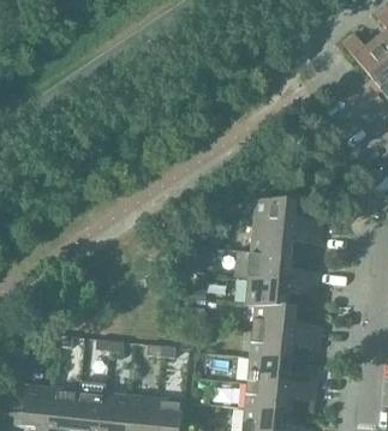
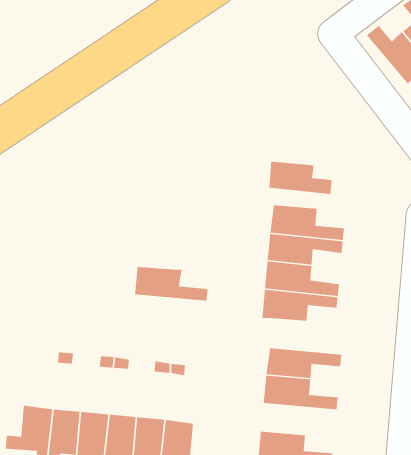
building: none -> [269,161,333,195]
building: [252,305,321,337] -> [134,266,209,301]
building: [244,383,315,412] -> none

